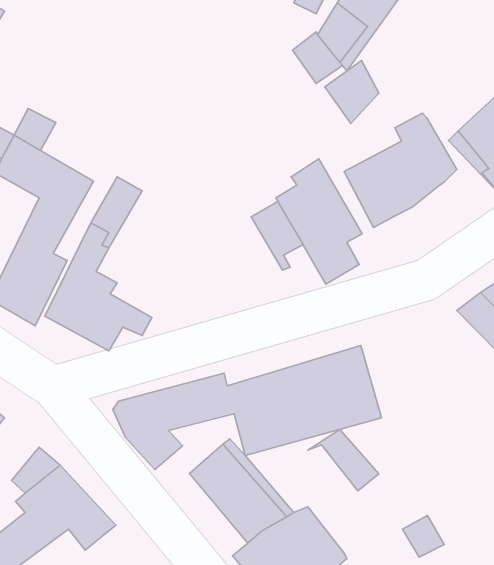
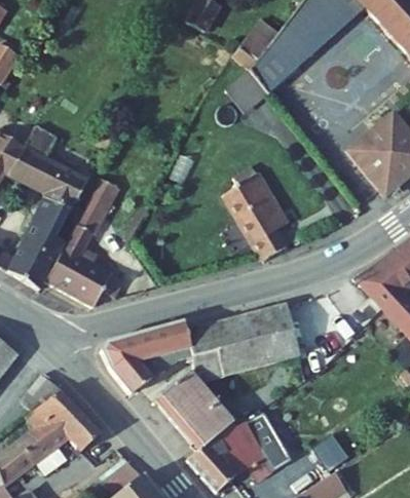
building: [325,60,379,124] -> none
building: [344,113,457,228] -> none
building: [251,202,303,270] -> none
building: [308,429,379,491] -> [233,411,286,456]

